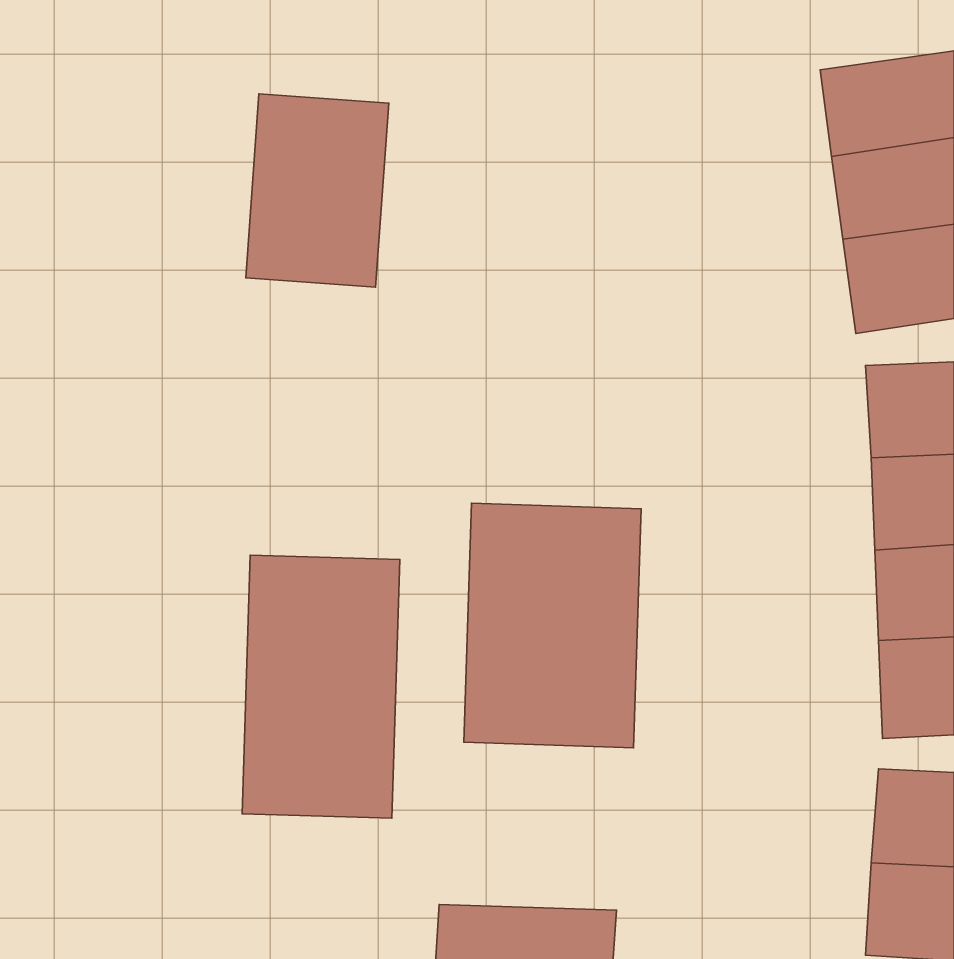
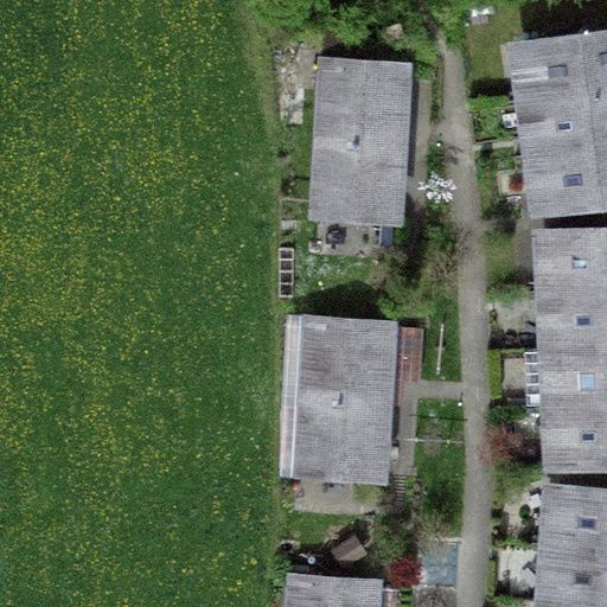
building: none -> [298,57,415,230]
building: [246,94,389,287] -> none
building: [242,555,400,818] -> none

